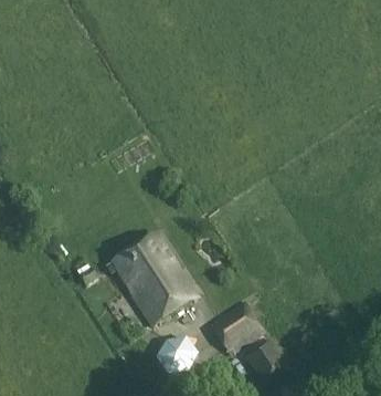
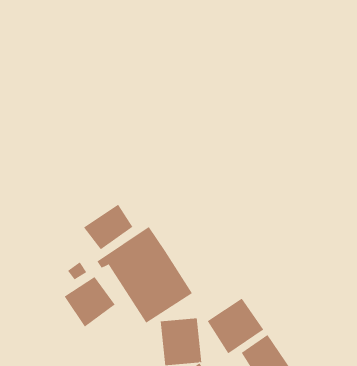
building: none -> [83,204,133,250]
building: none -> [64,276,116,328]

